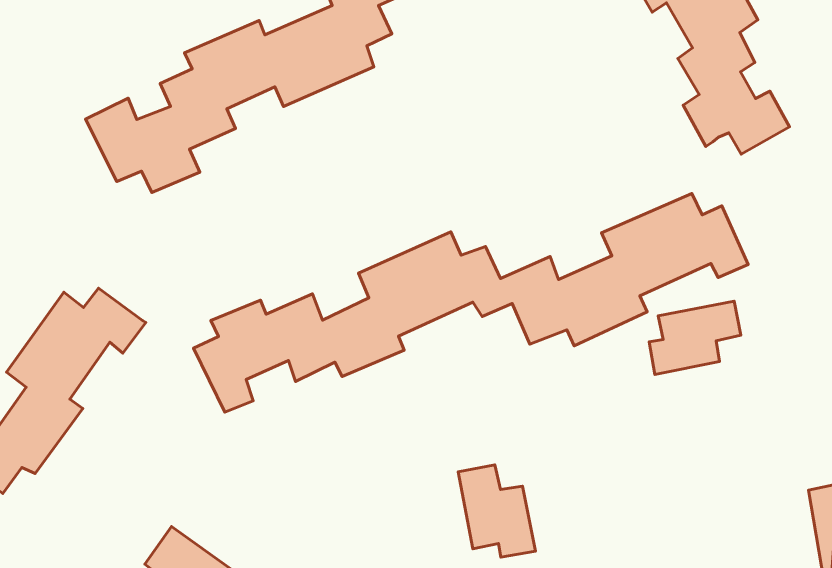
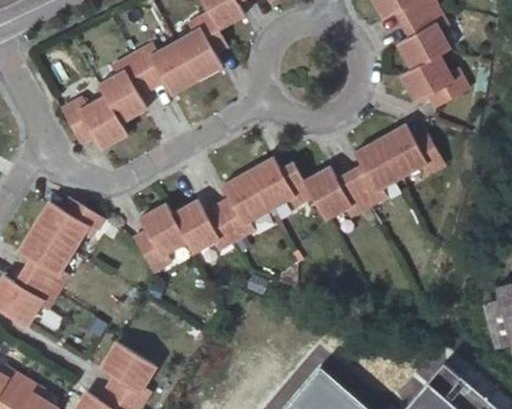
building: [649,301,741,374] -> none
building: [458,465,535,557] -> none

